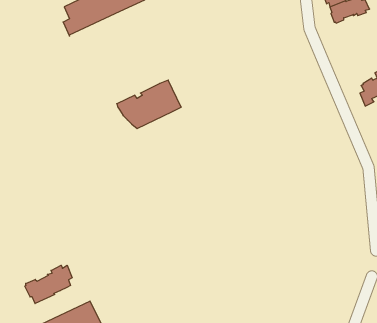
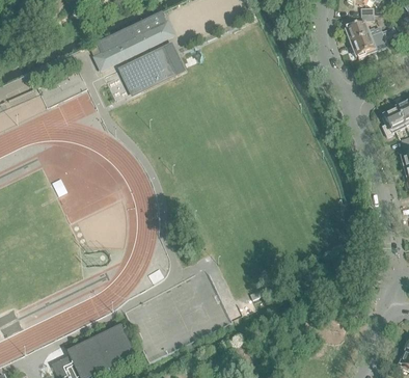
building: [117,80,181,129] -> [121,43,184,89]
building: [25,265,72,304] -> none

